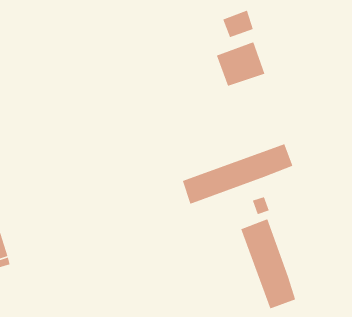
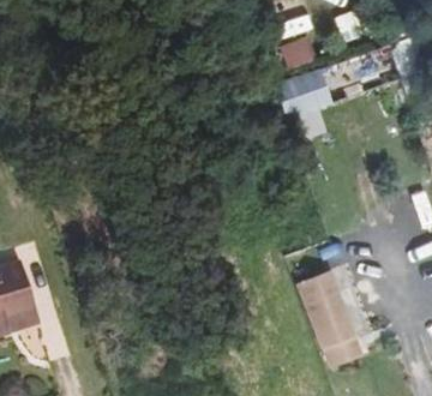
building: [182,143,293,205] -> none

